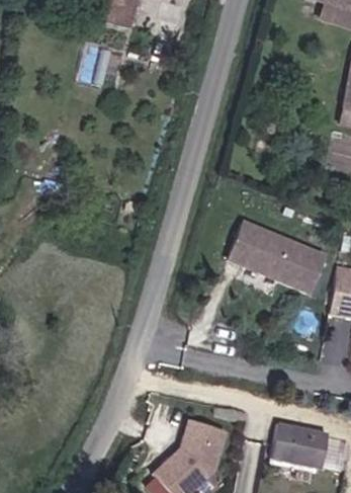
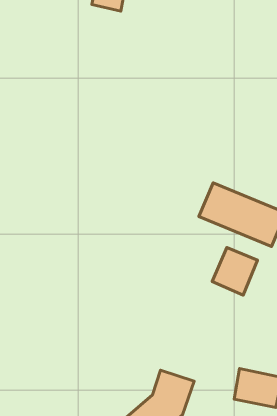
building: none -> [212,247,258,295]

